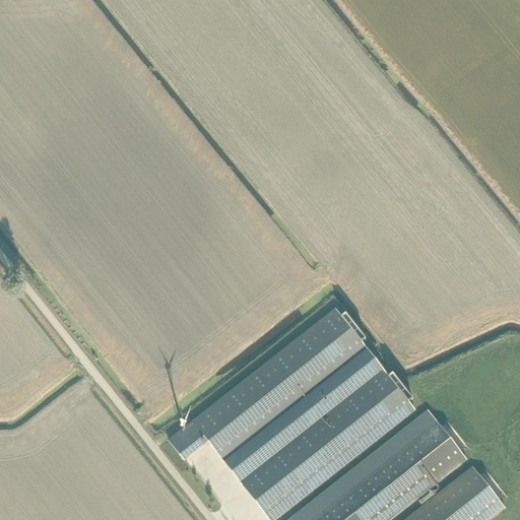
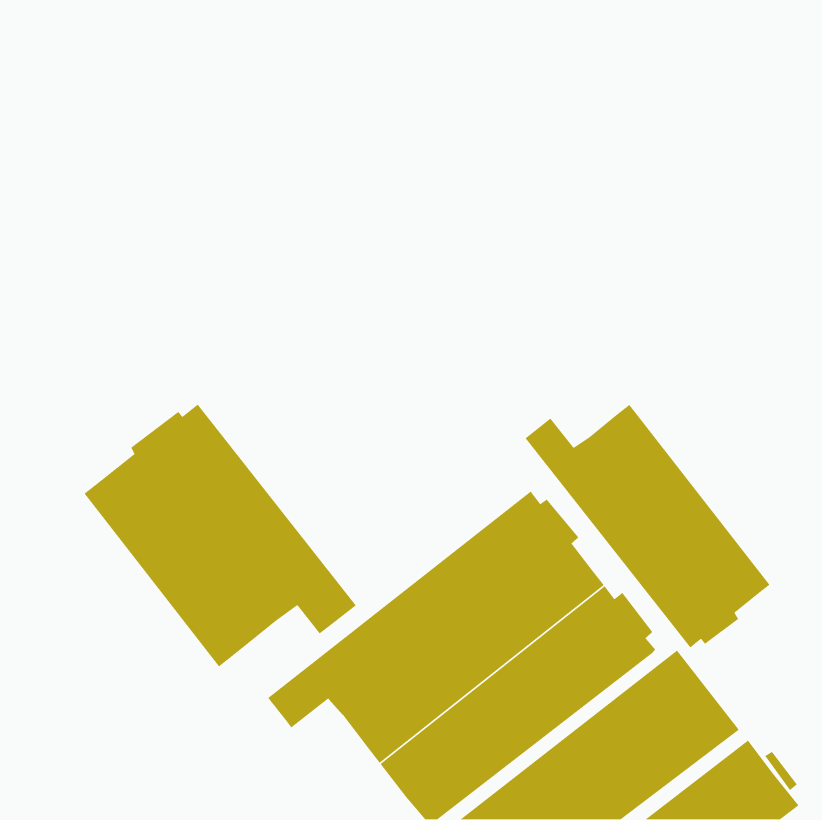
building: none -> [84,403,357,667]
building: none -> [525,404,771,649]

